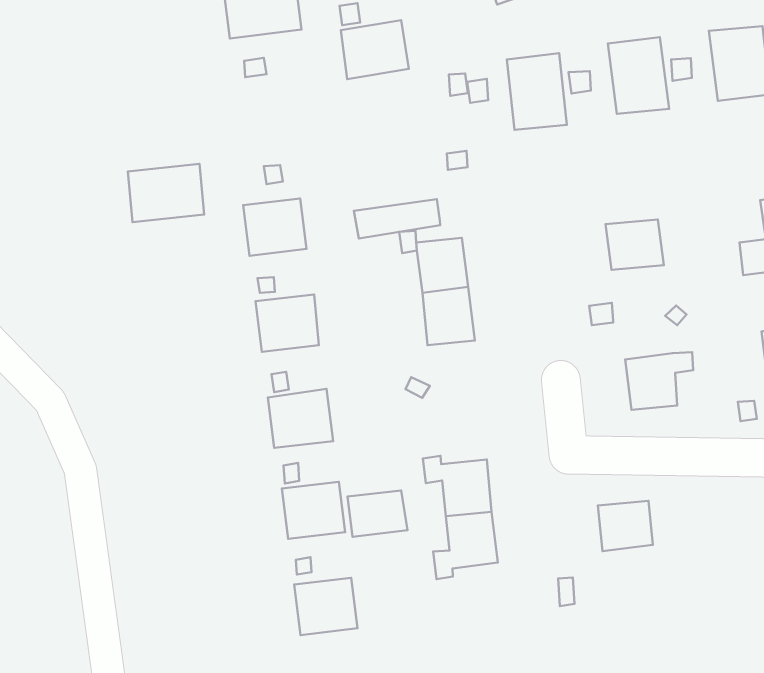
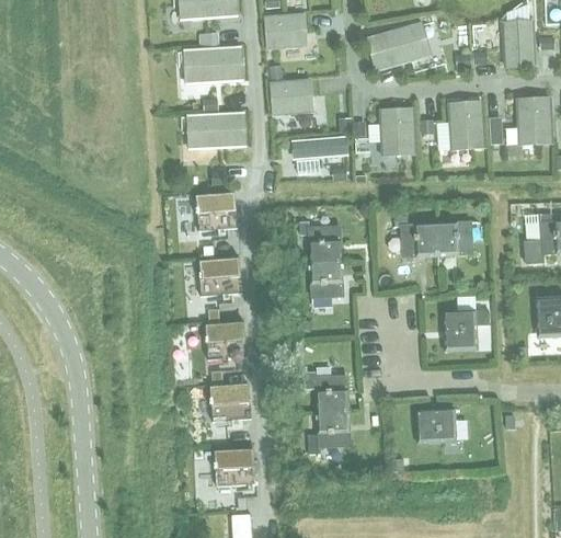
building: [128,164,204,222] -> [194,112,243,148]
building: [354,199,440,238] -> [288,136,345,159]
building: none -> [402,222,438,255]
building: [348,490,407,537] -> none

